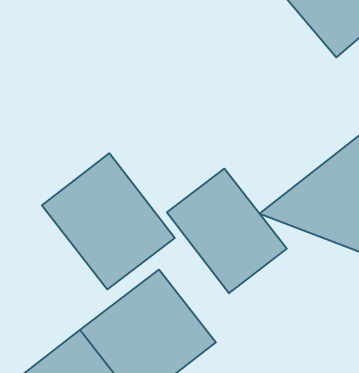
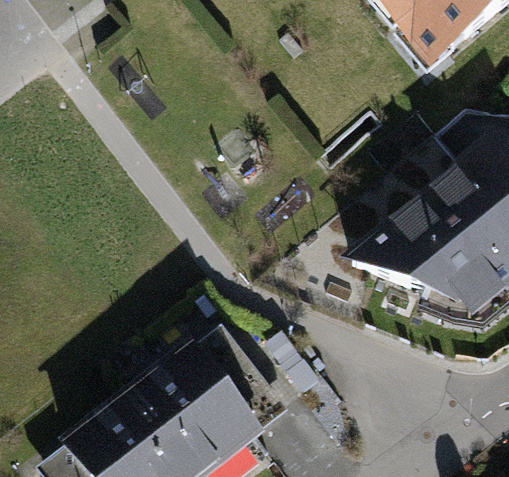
building: [42,153,175,289] -> none
building: [167,169,287,293] -> none

